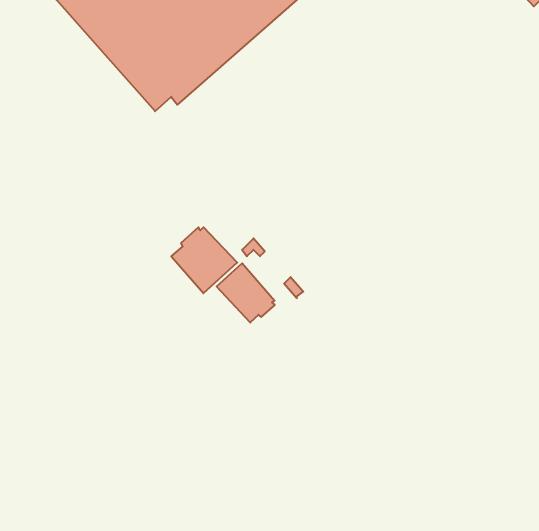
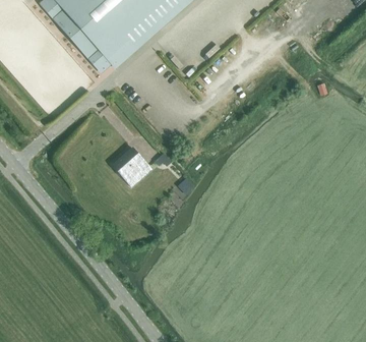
building: [217,263,275,323] -> none

